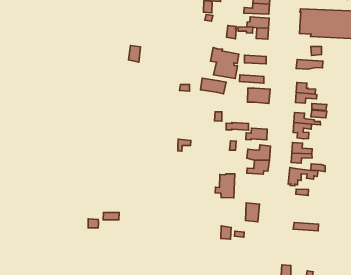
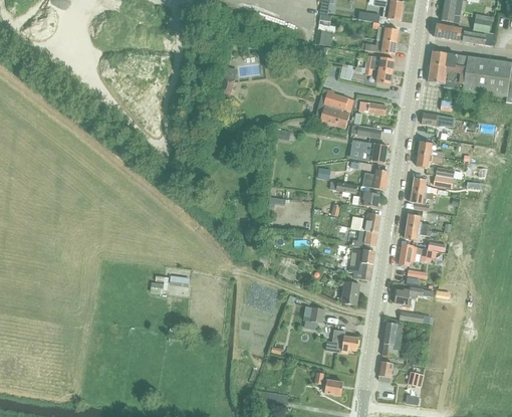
building: [201,78,226,94] -> none
building: none -> [362,167,389,189]
building: [215,174,235,198] -> [348,249,374,279]
building: none -> [394,286,433,304]
building: none -> [381,322,403,357]
building: none -> [325,331,358,354]

